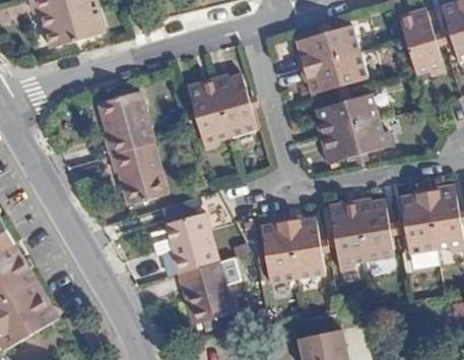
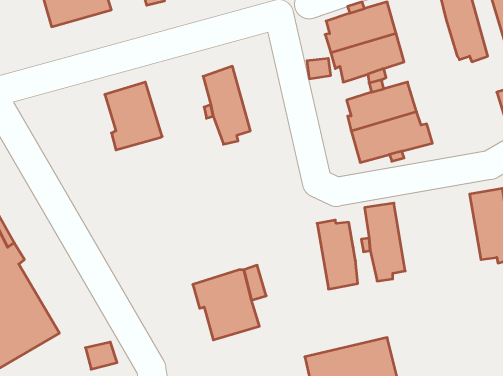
building: [212,73,256,136] -> none
building: [111,142,161,203] -> none
building: [400,193,436,255] -> none
building: [357,200,394,262] -> none
building: [165,214,218,275] -> none
building: [262,220,299,284] -> none

